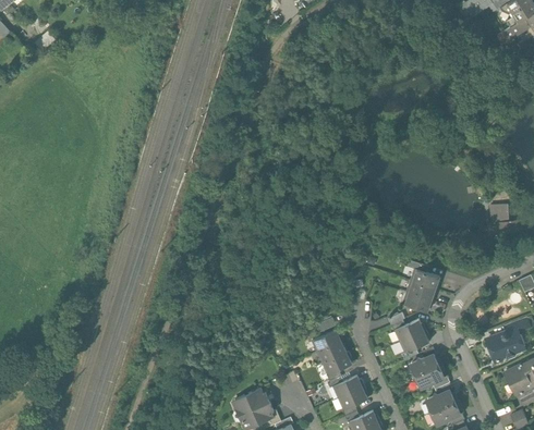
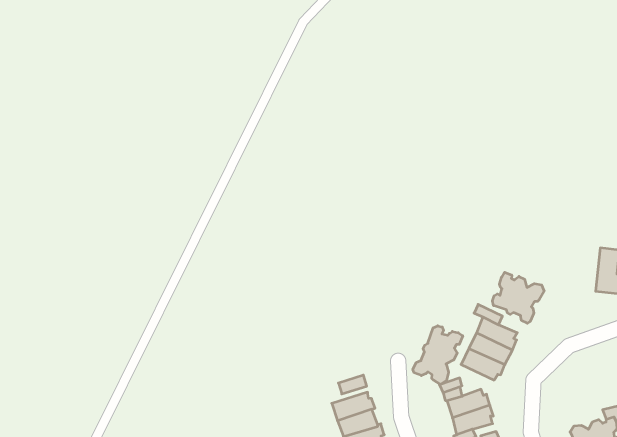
building: none -> [492,272,544,323]
building: none -> [413,326,463,384]

